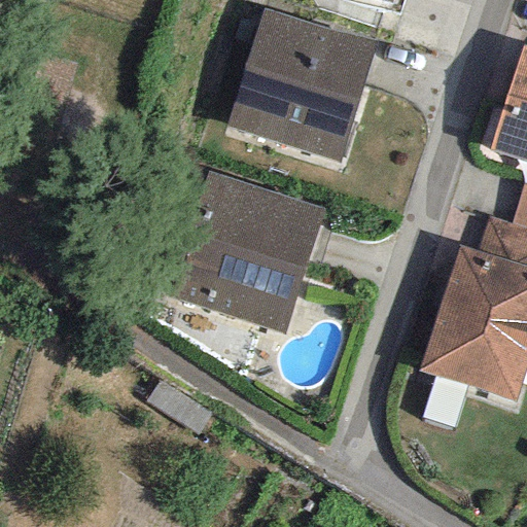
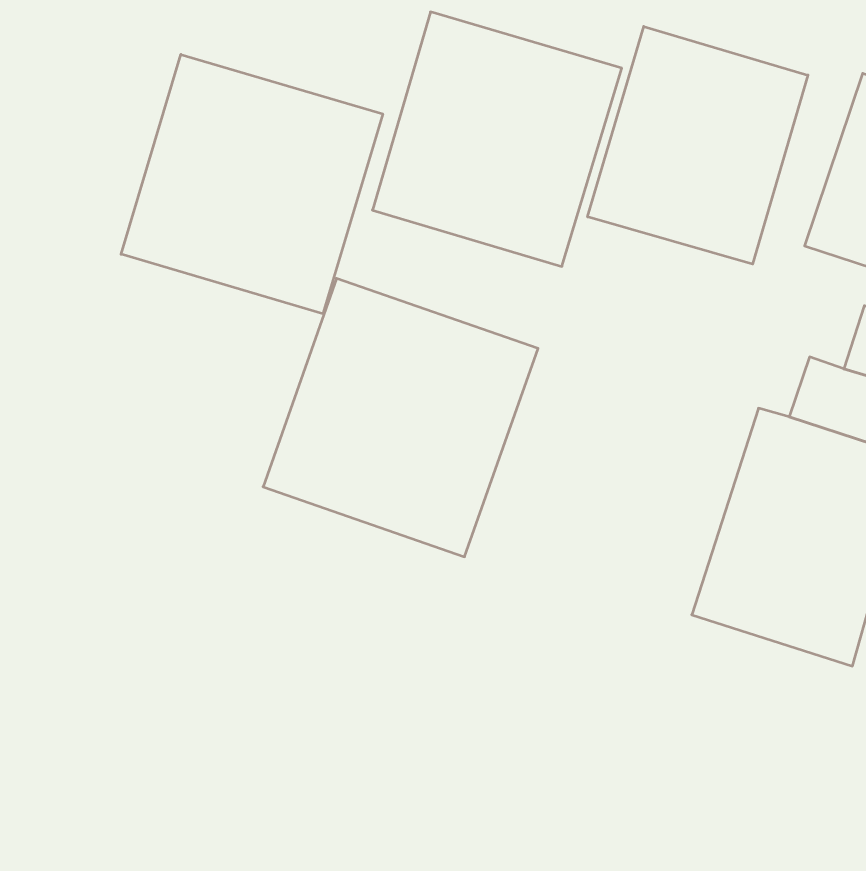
building: none -> [588,26,808,264]
building: none -> [121,54,383,314]

